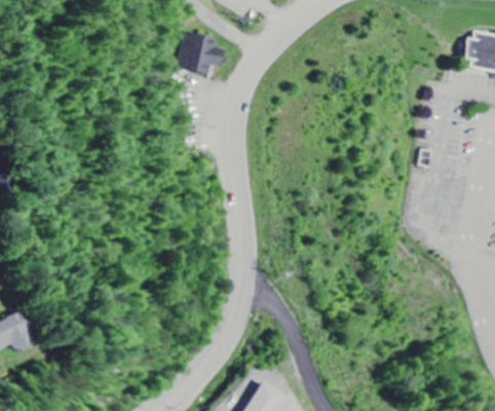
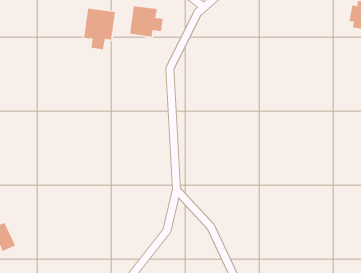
building: none -> [83,8,116,50]

